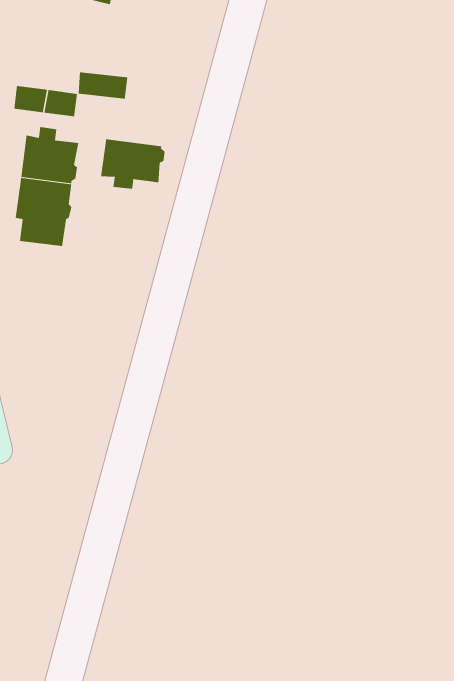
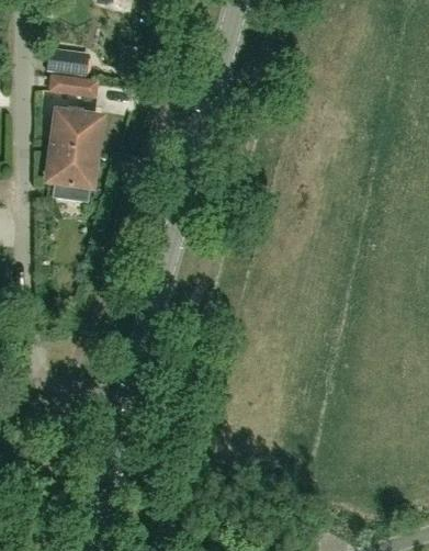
building: [78,72,128,99] -> [44,53,84,75]
building: [101,138,165,190] -> none

